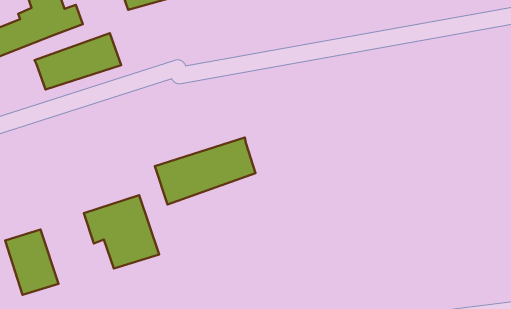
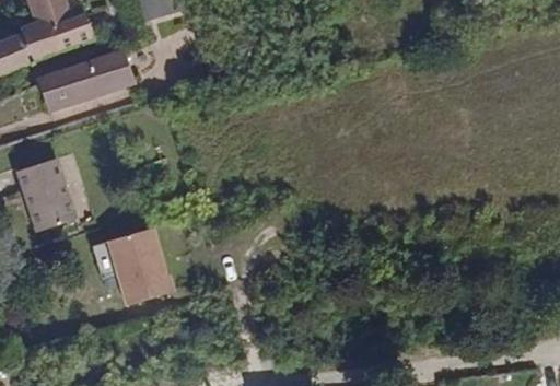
building: [155,138,256,205] -> none
building: [5,229,59,295] -> [19,159,77,230]

